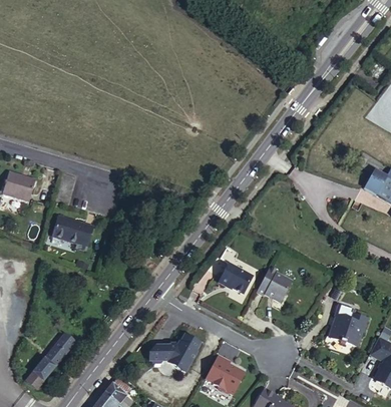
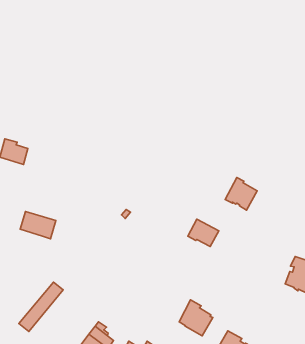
building: [54,216,94,247] -> [20,212,56,239]
building: [257,266,293,303] -> [225,177,257,210]
building: [150,333,203,370] -> none

